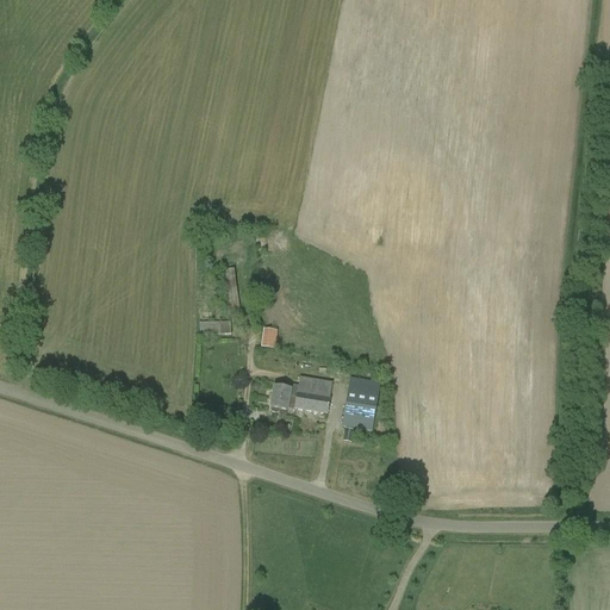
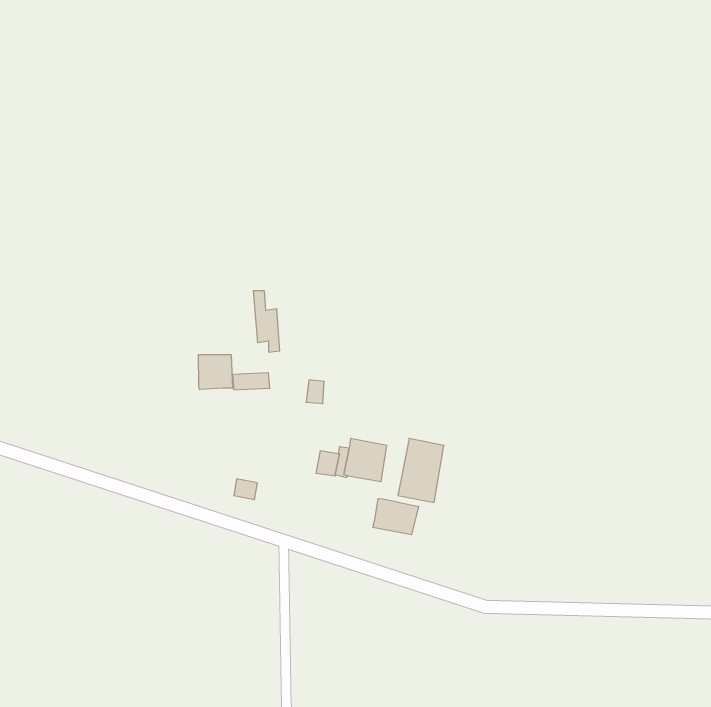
building: none -> [198,355,232,390]
building: none -> [373,499,418,535]

